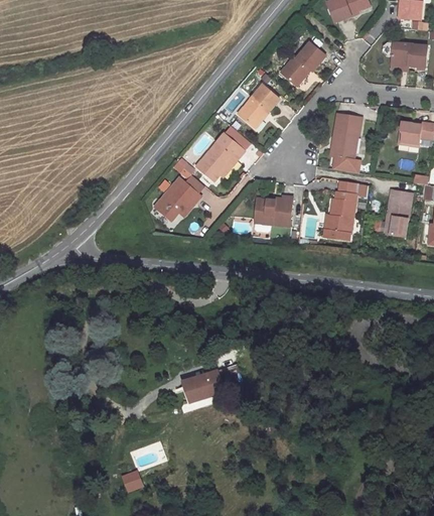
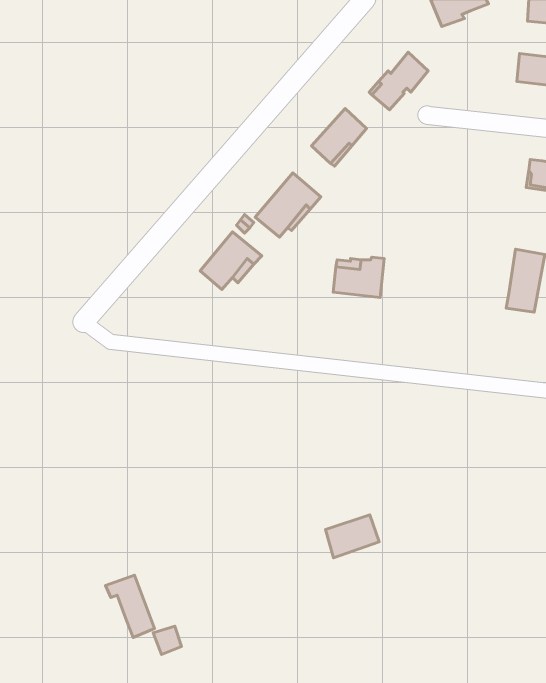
building: [332,112,363,172] -> none
building: [324,179,356,239] -> none
building: [180,372,221,404] -> [326,515,379,558]
building: none -> [105,575,154,637]

